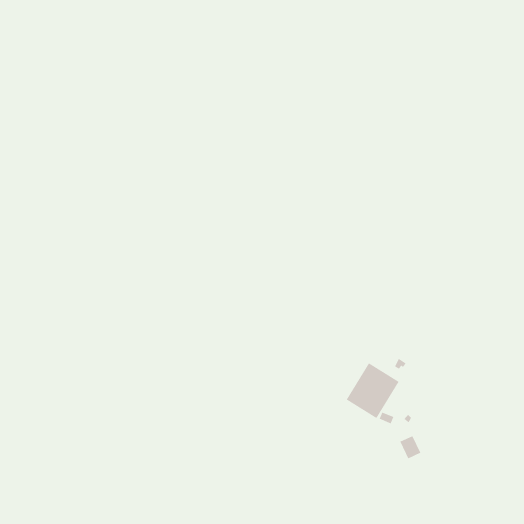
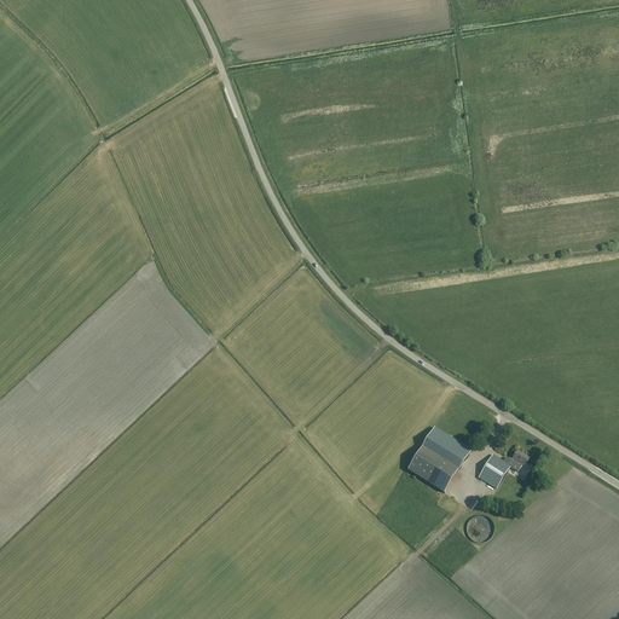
building: none -> [476,450,527,487]

